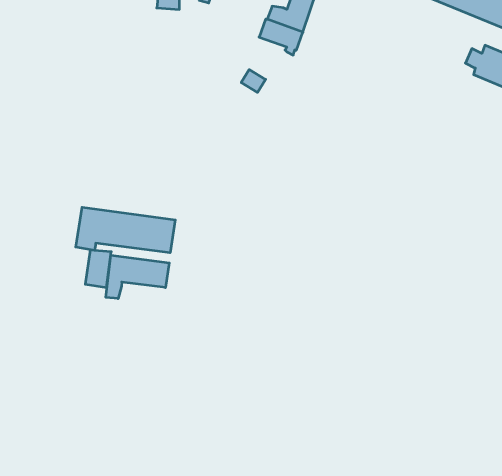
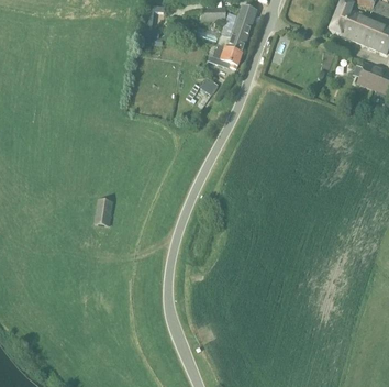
building: [76,207,175,253] -> none
building: [106,255,169,299] -> none

